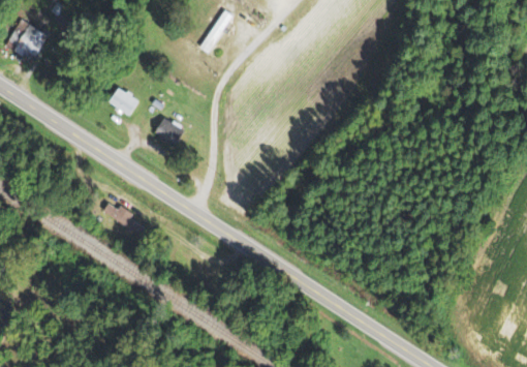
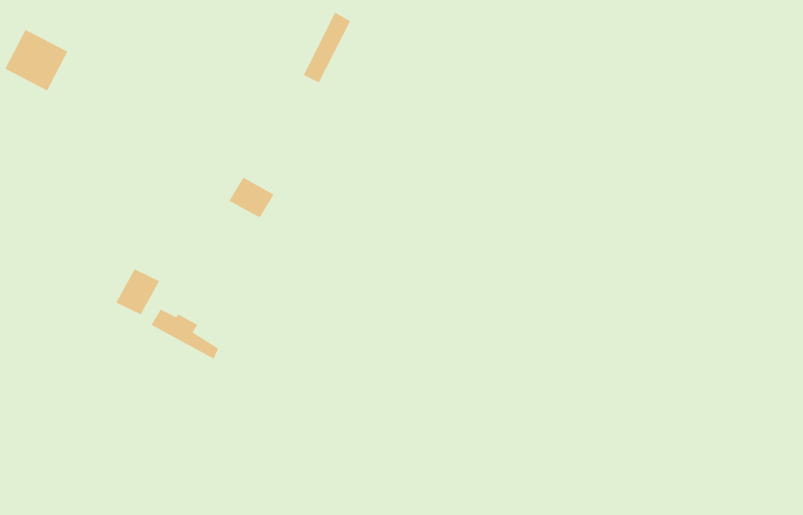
building: [106,86,138,115] -> none
building: none -> [116,268,160,315]

